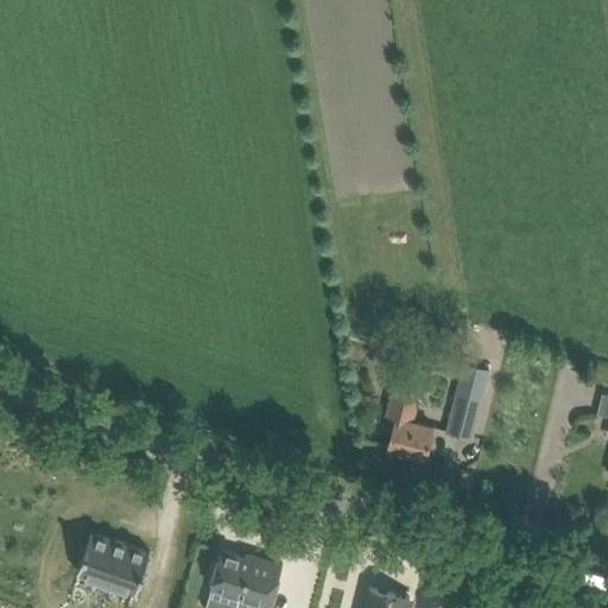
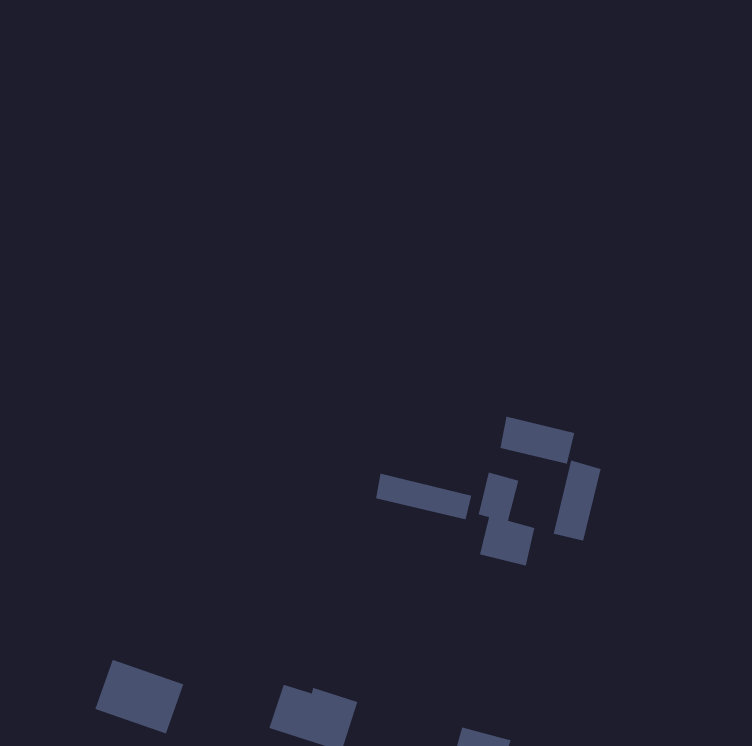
building: none -> [500,416,575,464]
building: none -> [376,473,472,520]

